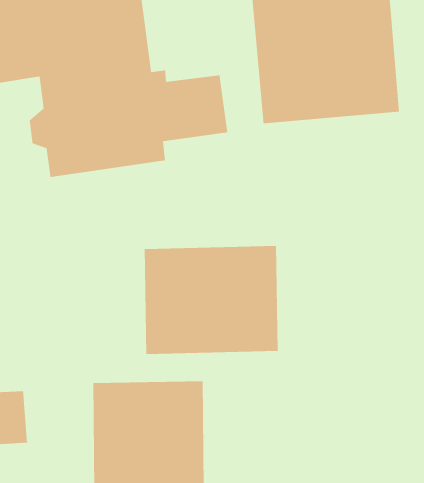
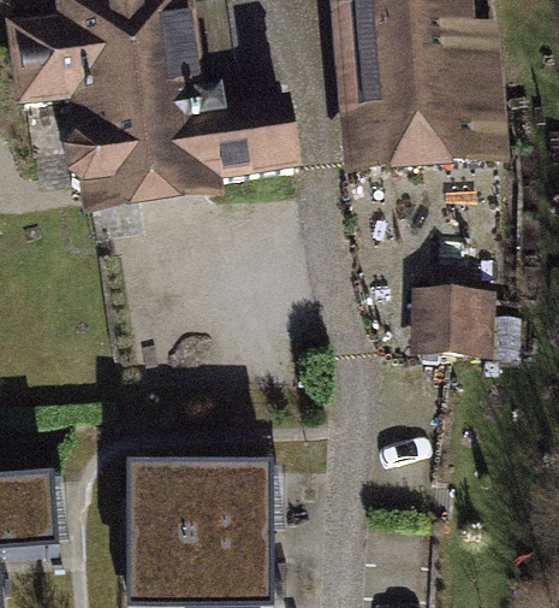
building: none -> [411,282,493,350]
building: [144,245,279,355] -> none

